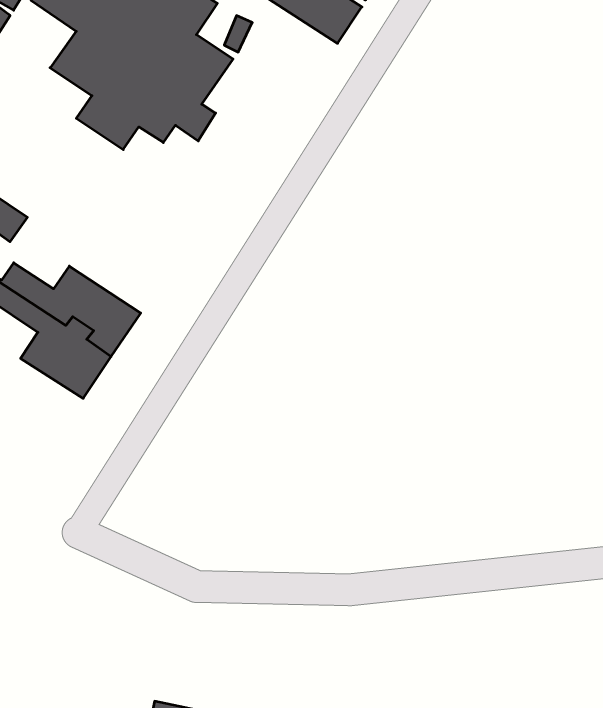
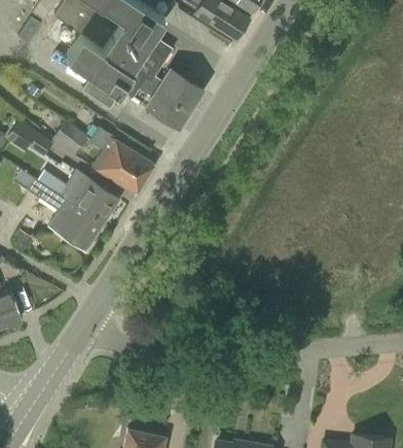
building: none -> [147,69,203,128]
building: none -> [52,120,86,156]
building: none -> [88,127,155,196]

